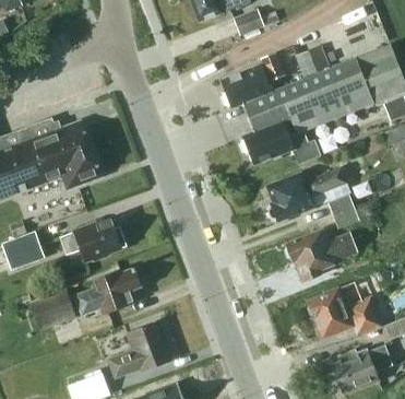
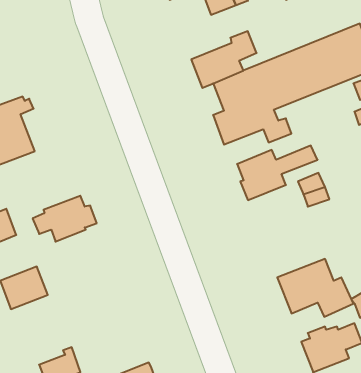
building: [295,46,330,79] -> none
building: [49,124,100,187] -> none
building: [285,228,358,282] -> none
building: [75,267,141,316] -> none
building: [109,321,169,378] -> none

